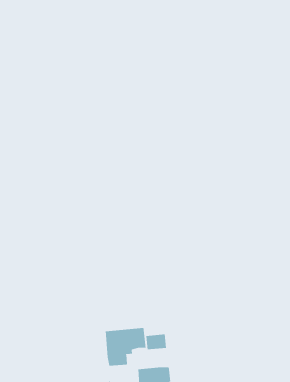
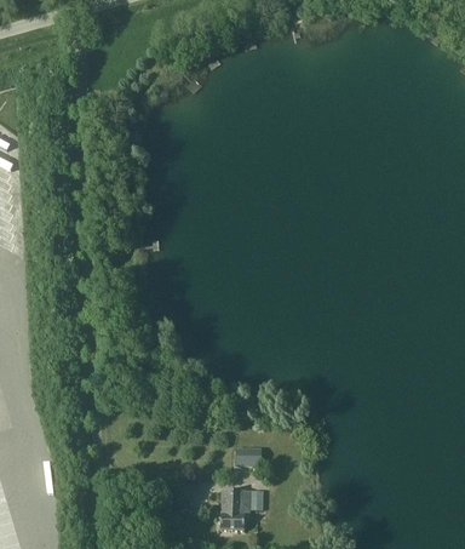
building: [105,327,146,367] -> none

